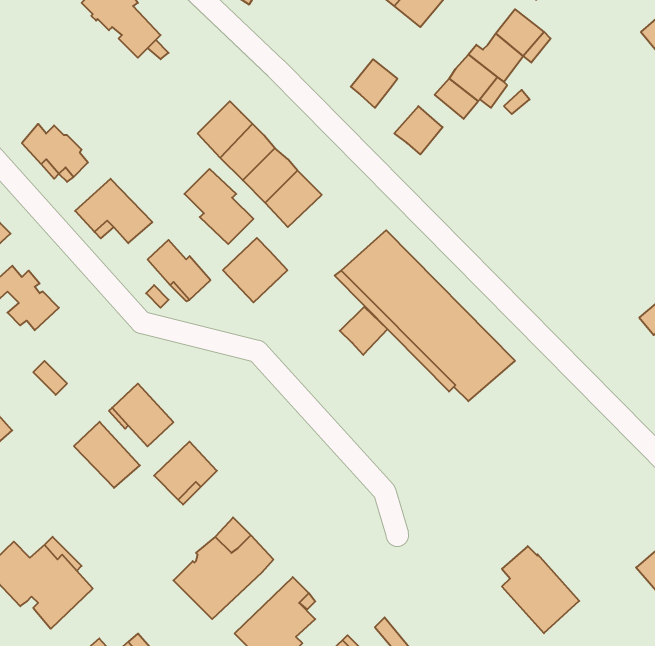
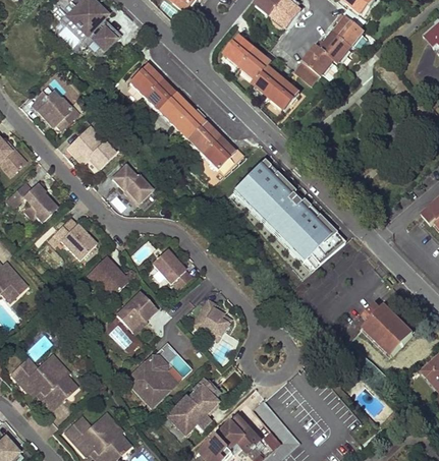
building: none -> [224,37,255,67]
building: none -> [129,62,164,97]
building: none -> [253,66,283,97]
building: [184,169,253,244] -> none
building: [223,238,287,302] -> [201,135,241,176]
building: [340,307,387,355] -> none
building: none -> [153,248,191,286]
building: [74,422,140,488] -> [54,217,96,258]
building: none -> [194,298,231,338]
building: [502,546,579,633] -> [362,298,410,353]

